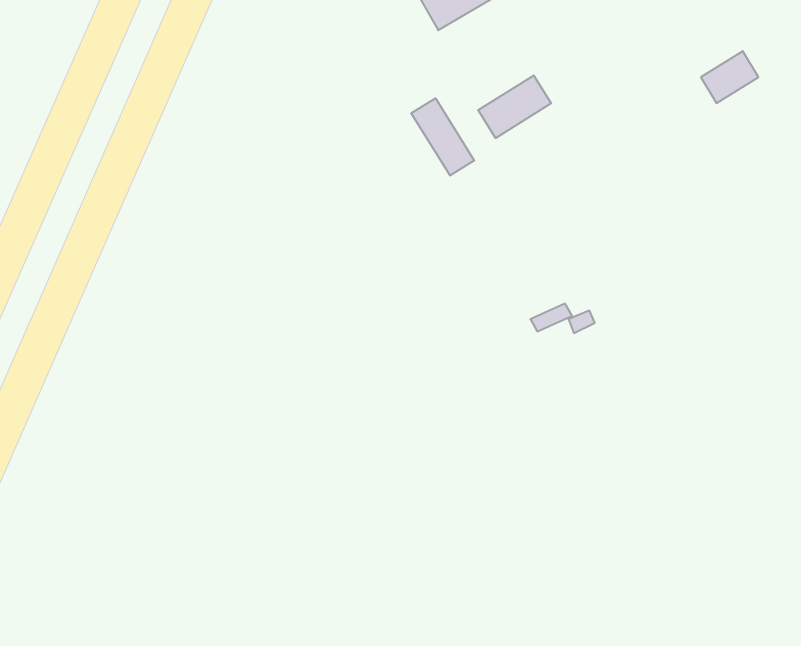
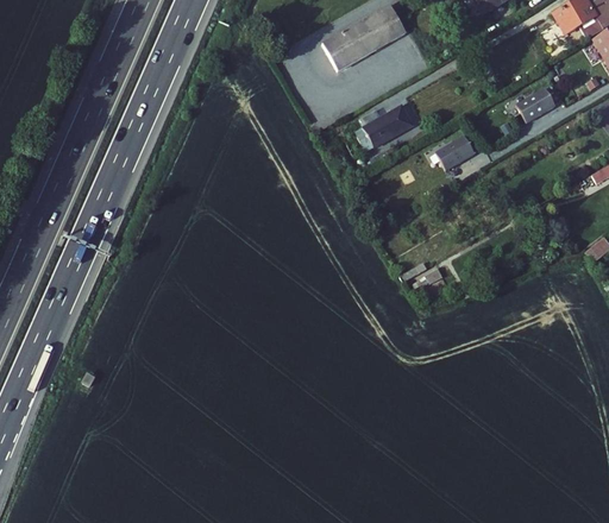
building: [411,98,474,176] -> none
building: none -> [435,137,475,172]

